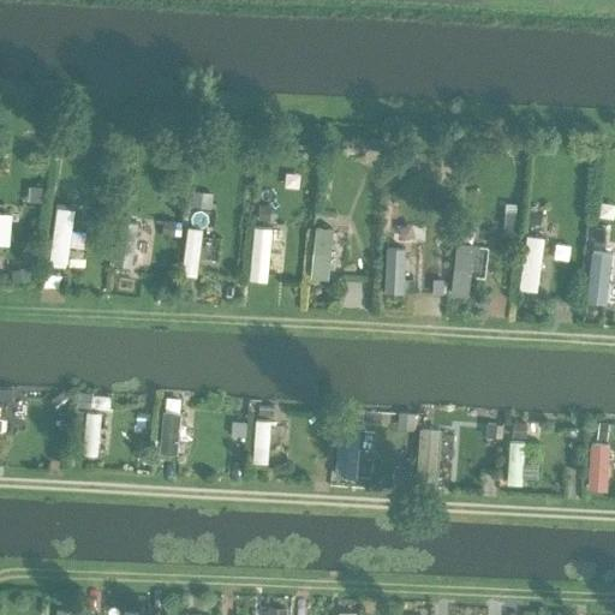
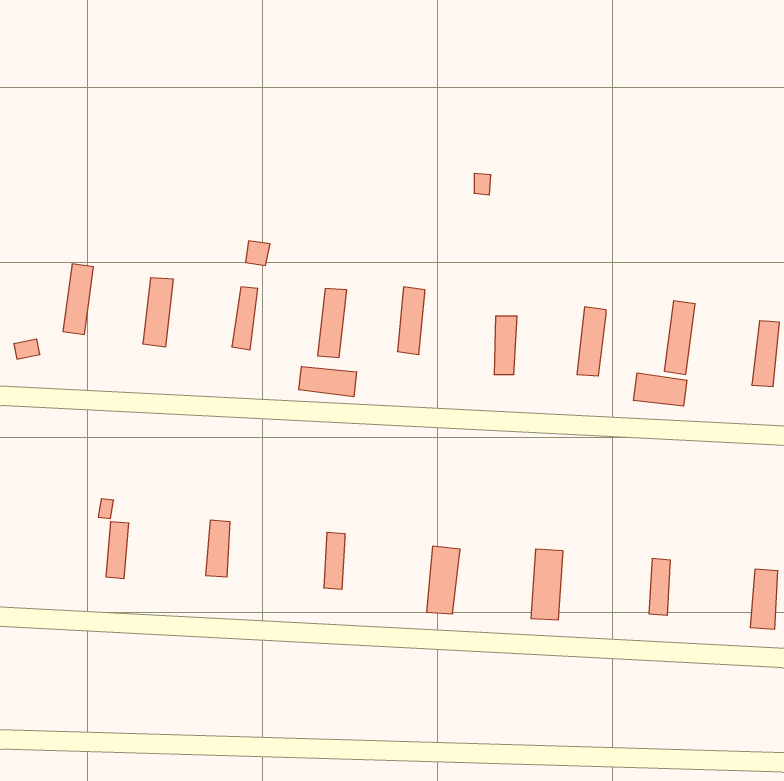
building: none -> [299,366,357,397]
building: none -> [634,373,687,406]

